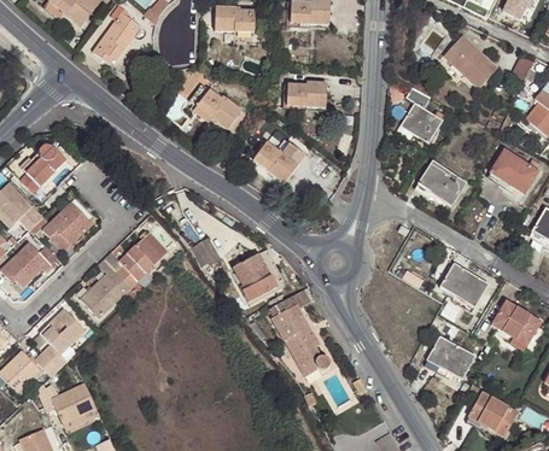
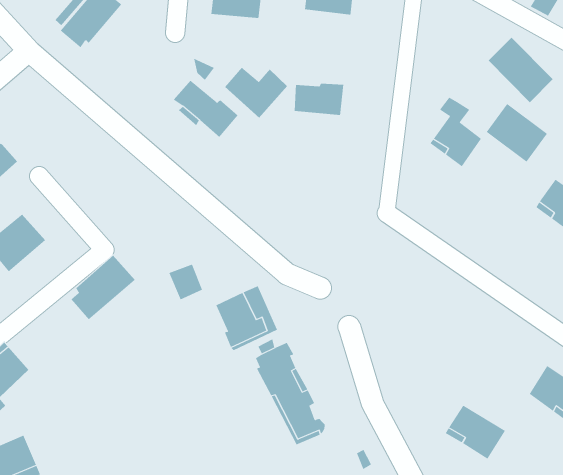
building: [253,144,305,184] -> [224,67,288,118]
building: [416,159,467,206] -> [486,103,548,162]
building: [438,263,489,308] -> none
building: [80,270,130,317] -> none

